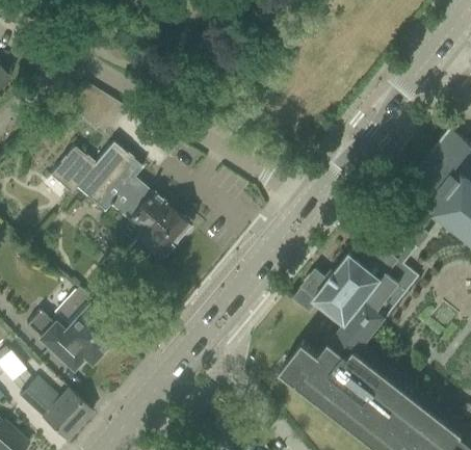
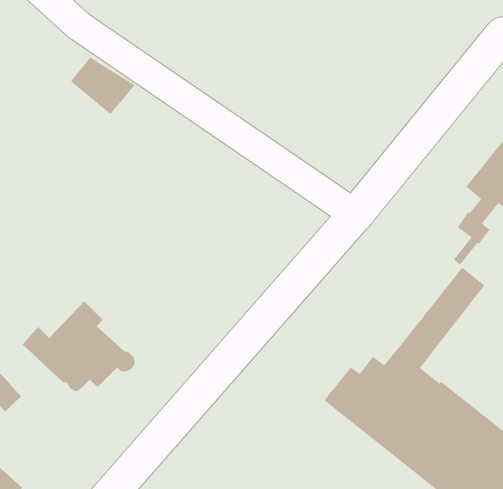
building: [50,143,190,264] -> none
building: [294,236,397,325] -> none
building: [20,376,94,442] -> none

